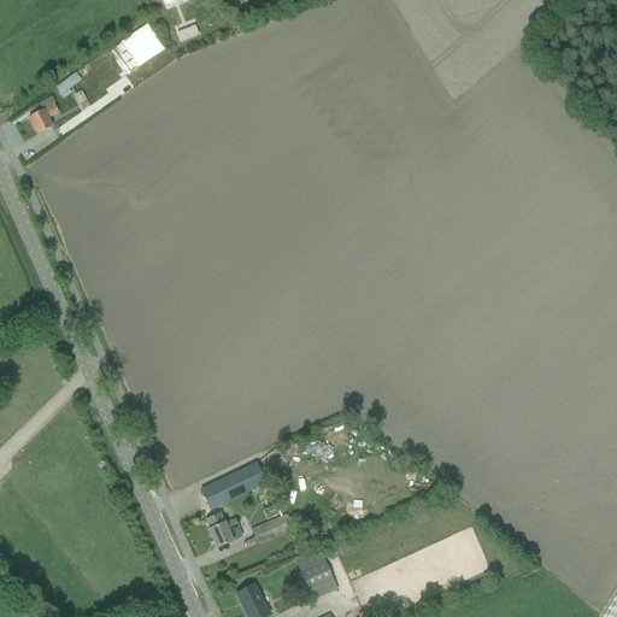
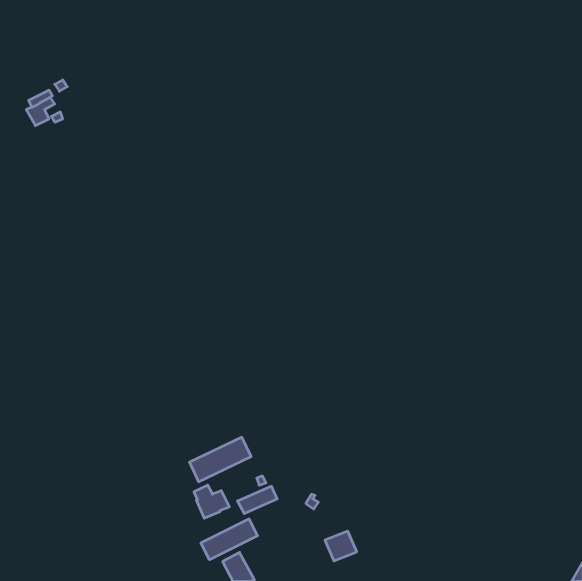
building: none -> [201,519,258,560]
building: [300,557,334,588] -> [325,531,357,561]

